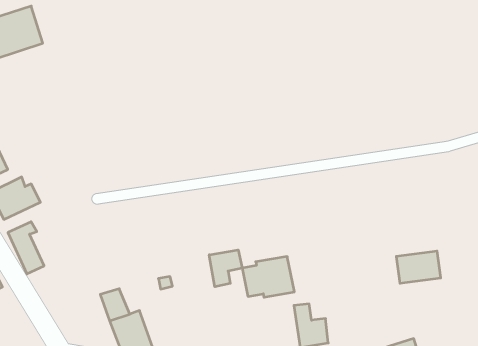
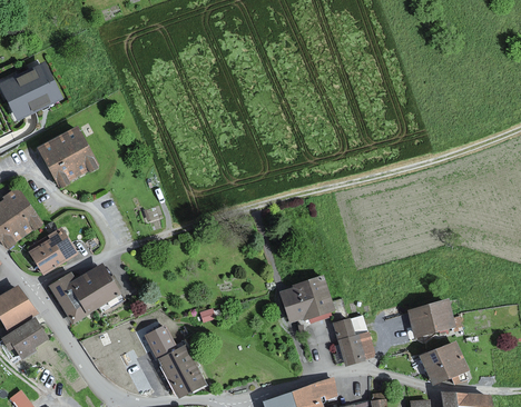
building: none -> [37,127,97,187]
building: none -> [69,264,120,314]
building: [209,250,242,287] -> none
building: [396,251,441,283] -> [407,299,453,335]

